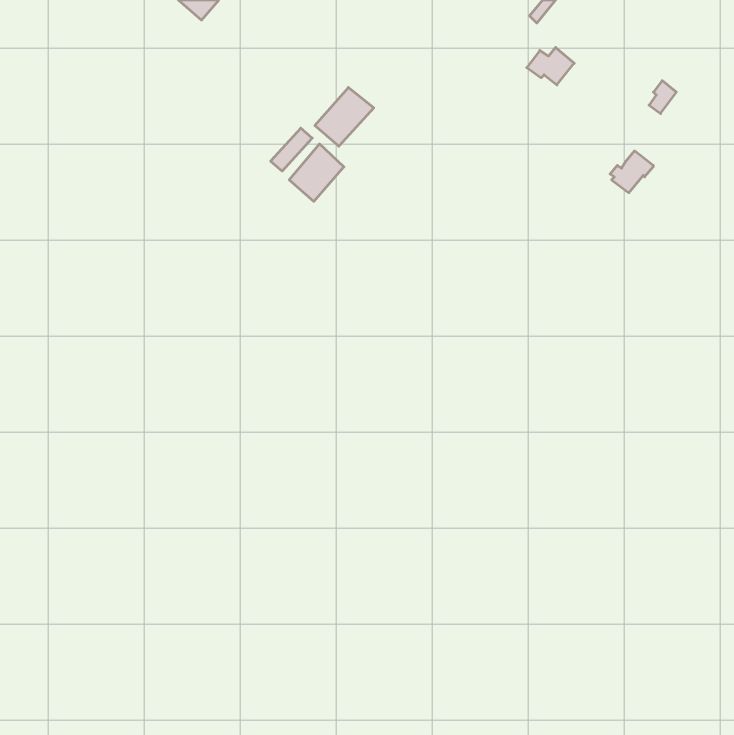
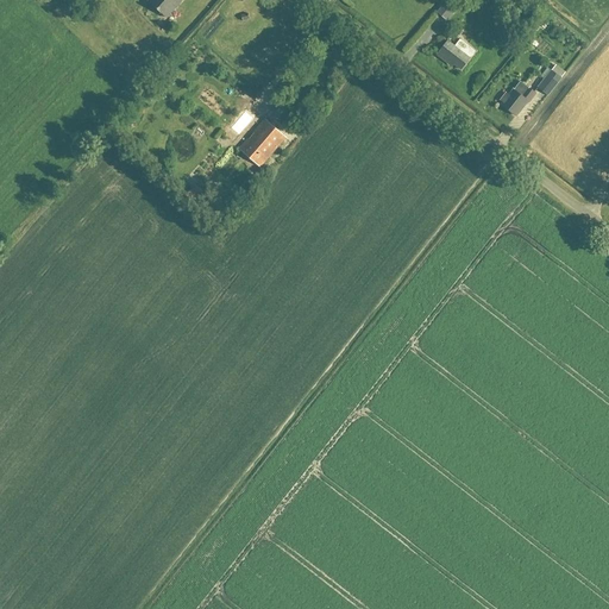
building: [315,87,374,146] -> none
building: [610,151,653,193] -> [500,81,535,115]

